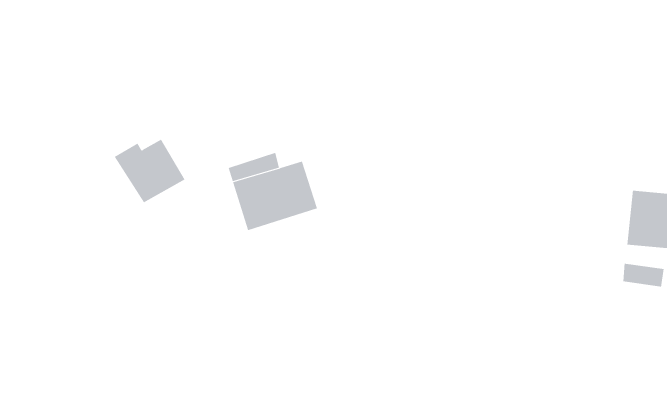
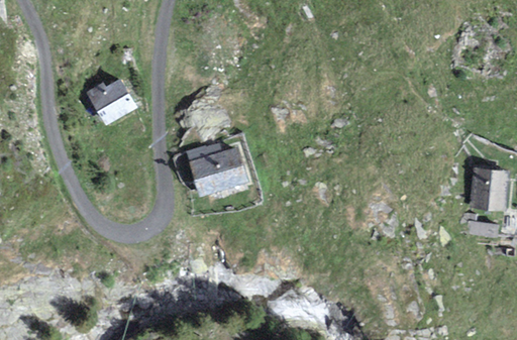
building: [114,139,185,203] -> [85,79,136,125]

